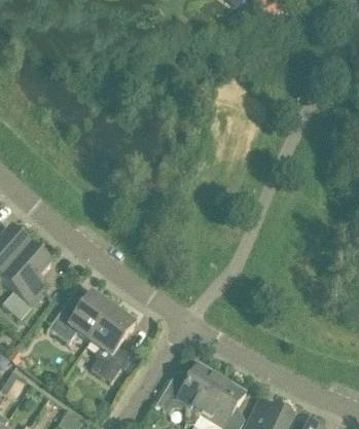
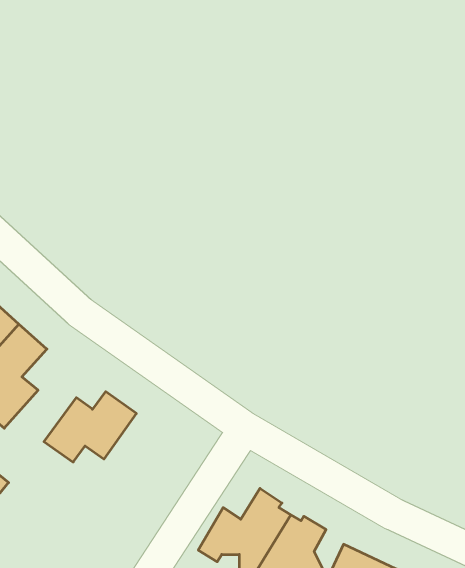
building: [91,310,135,383] -> none

